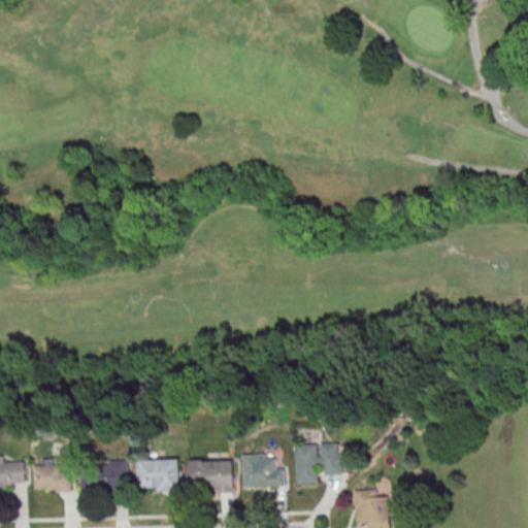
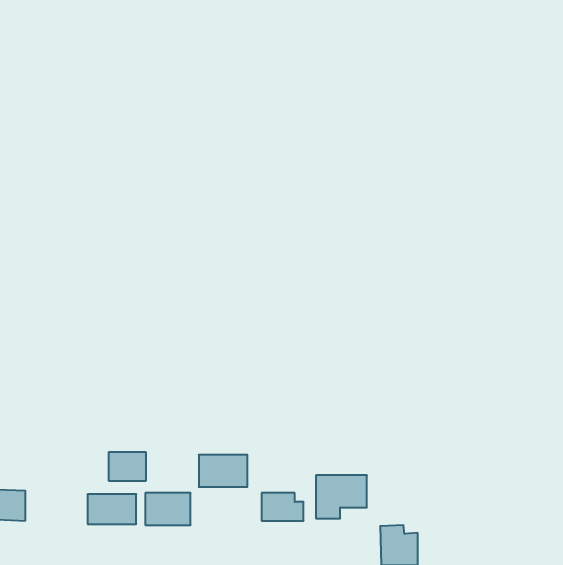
building: none -> [109,452,146,481]
building: [187,460,232,490] -> [199,455,247,487]
building: [33,463,70,490] -> none

